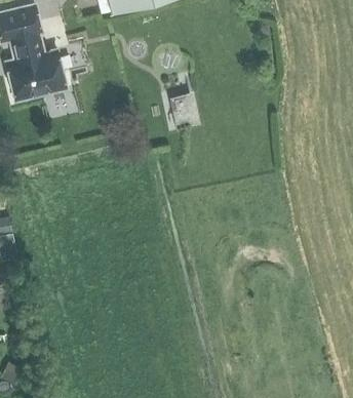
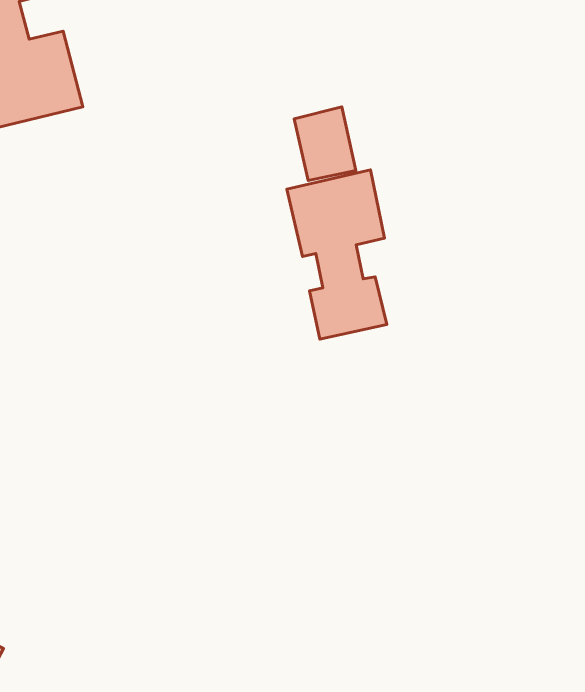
building: none -> [287,170,387,339]

